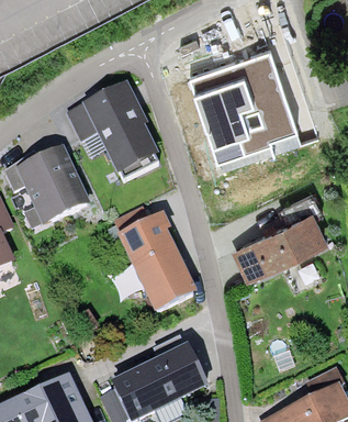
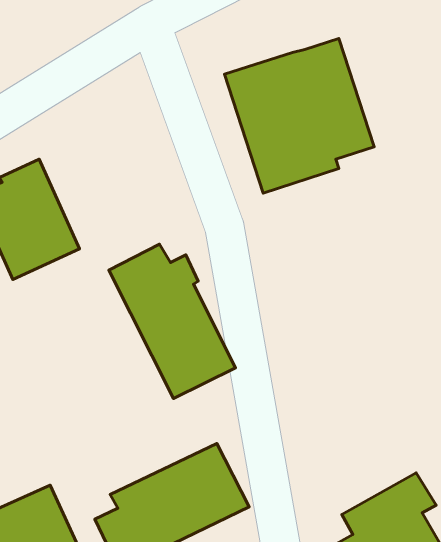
building: [67,81,159,179] -> none
building: [234,191,328,276] -> none

